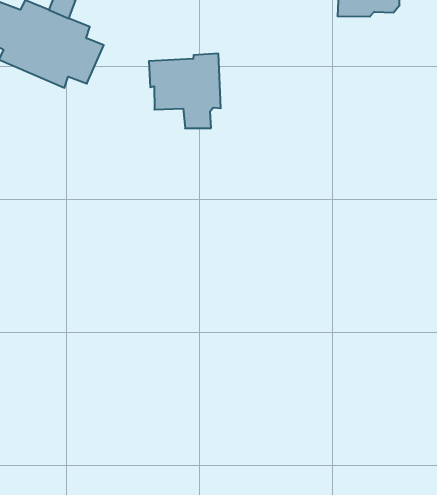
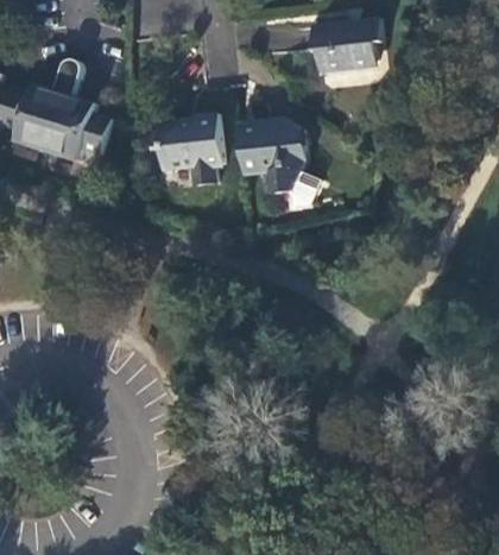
building: none -> [238,120,320,207]

